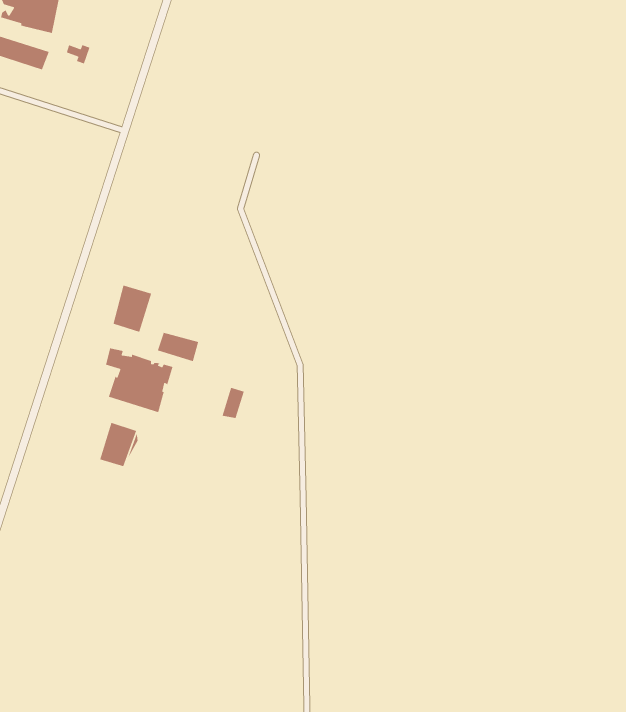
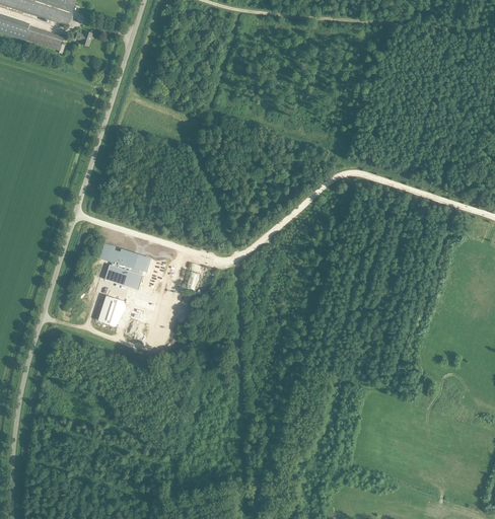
building: [113,285,152,333] -> none
building: [157,332,199,362] -> none

